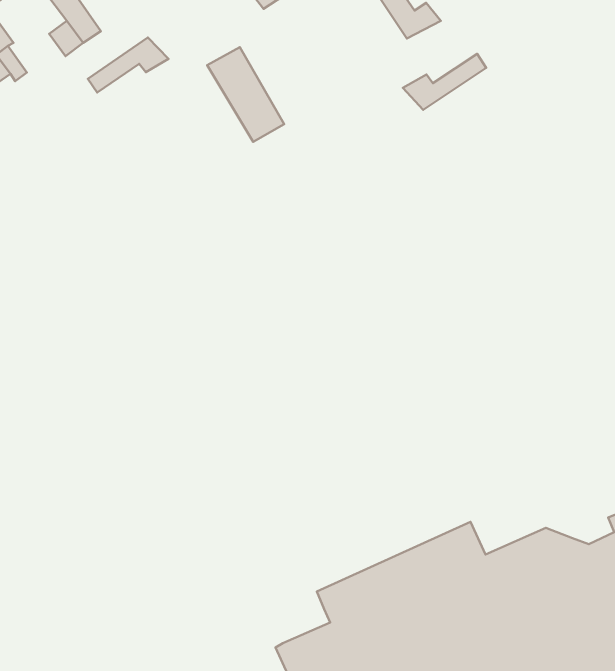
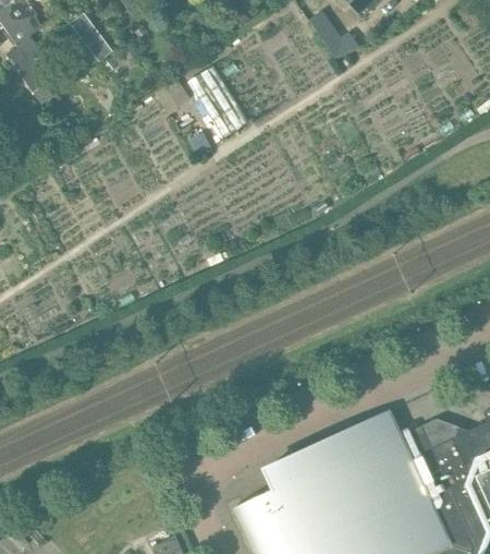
building: [88,37,168,92] -> none
building: [403,54,486,110] -> none

